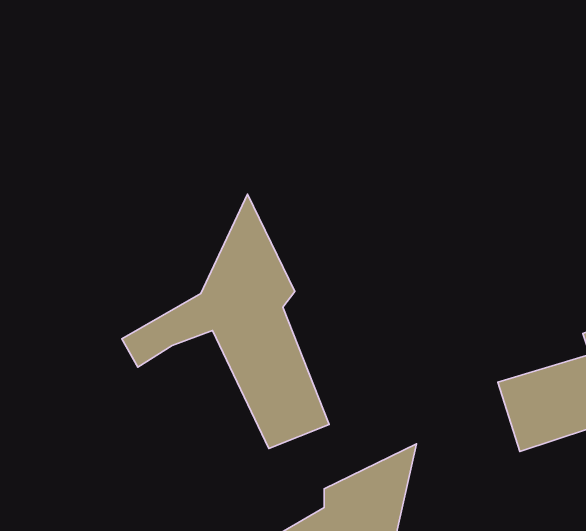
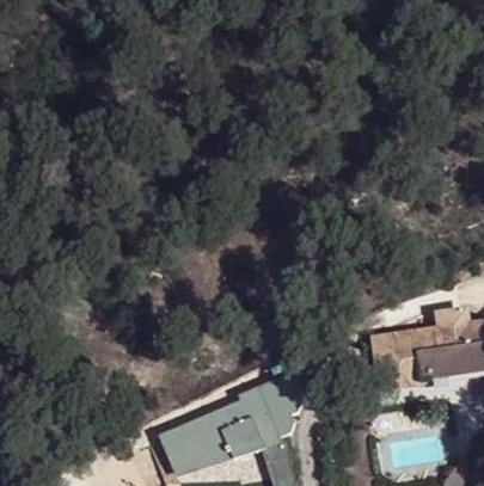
building: [122,194,329,448] -> none

